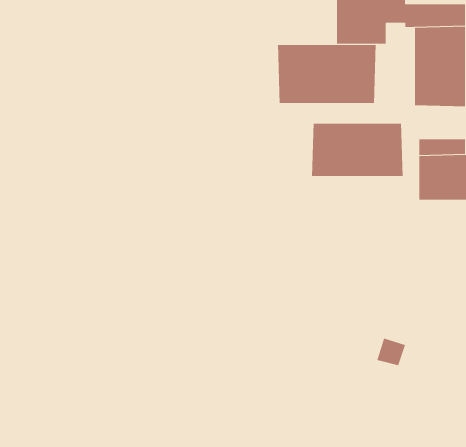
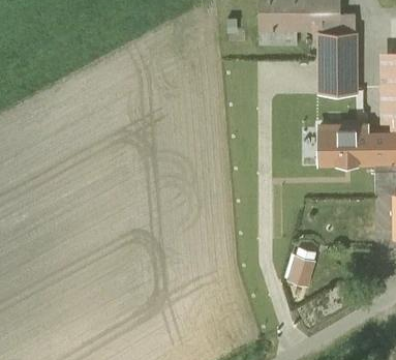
building: [278,44,376,104] -> none
building: [312,123,403,177] -> none

